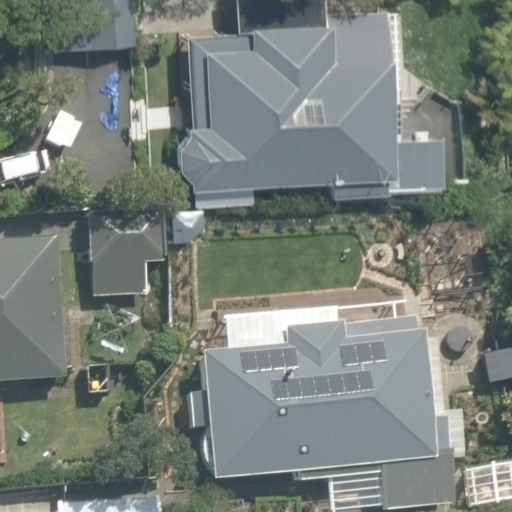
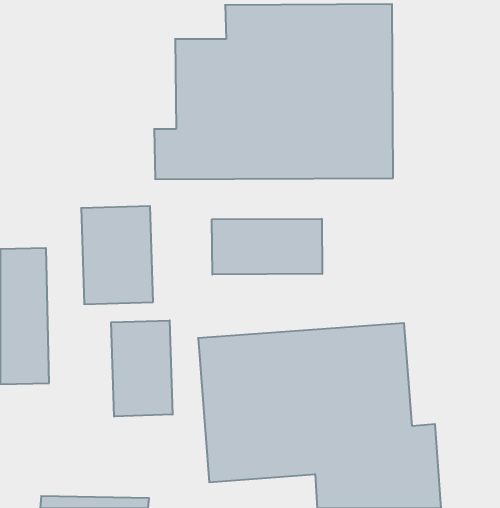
building: none -> [212,219,322,275]
building: none -> [111,320,173,417]

